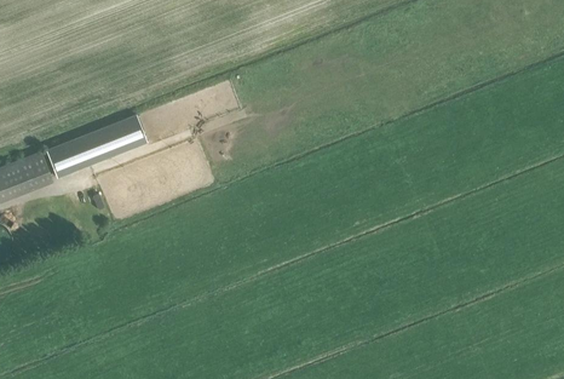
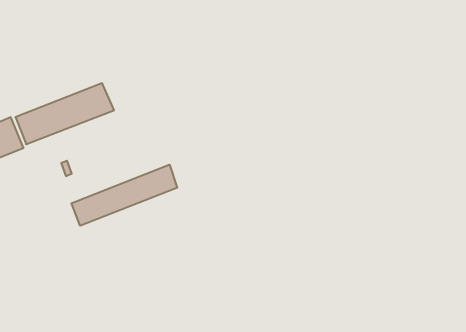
building: none -> [71,165,177,226]

